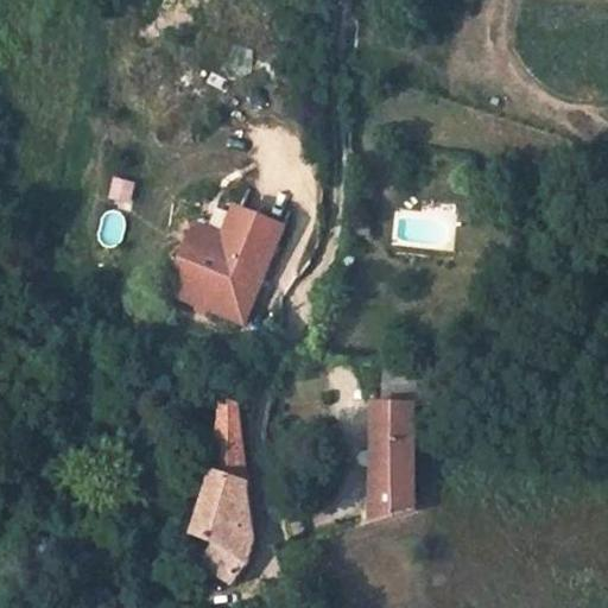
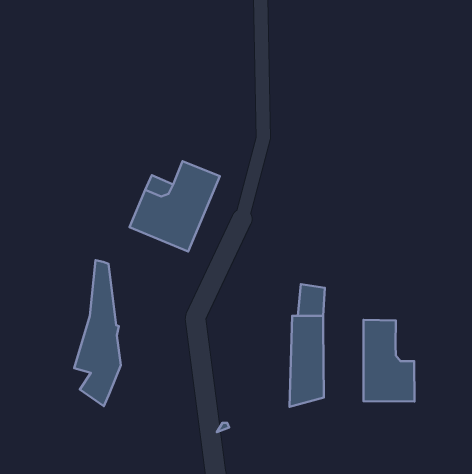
building: [192,399,252,585] -> [74,260,121,406]
building: none -> [364,320,414,401]

